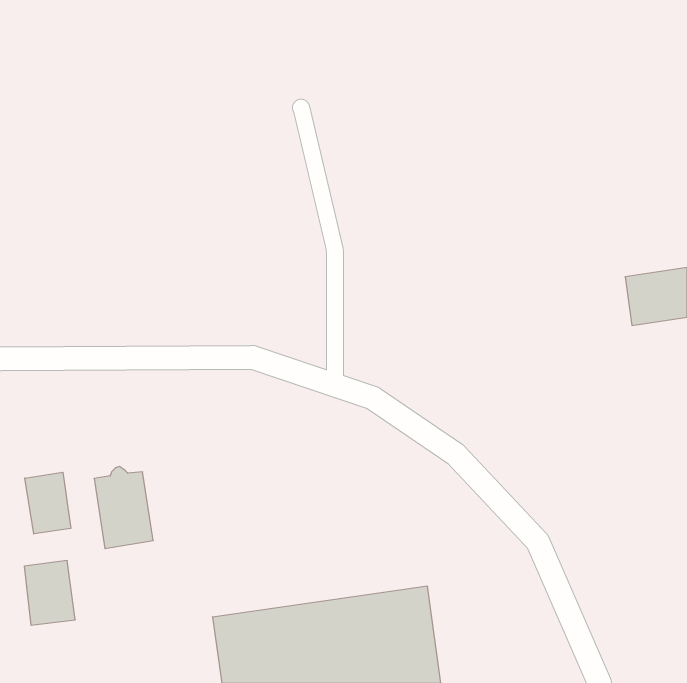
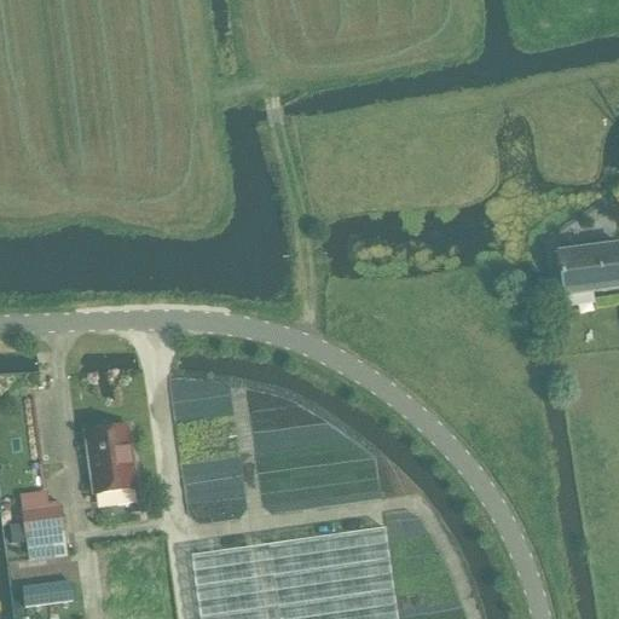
building: [25,472,71,534] -> none
building: none -> [22,580,73,606]

